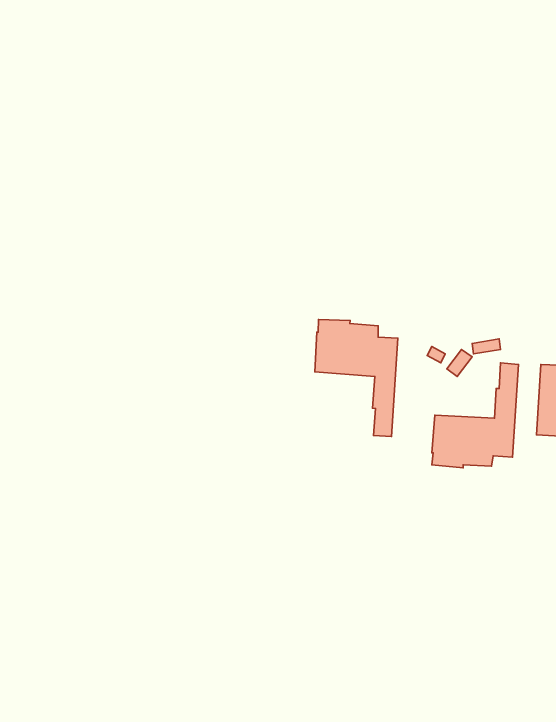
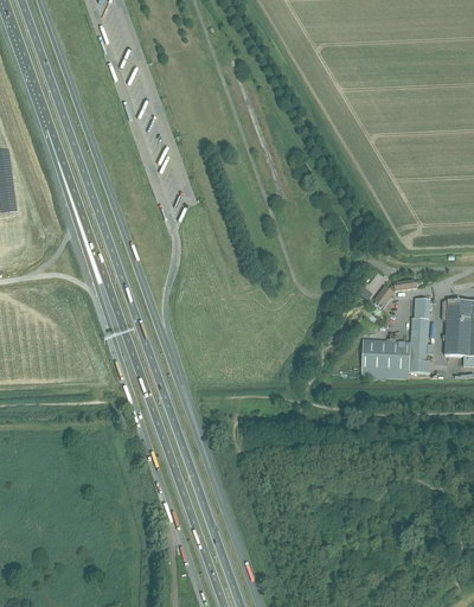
building: [315,319,398,436] -> none

